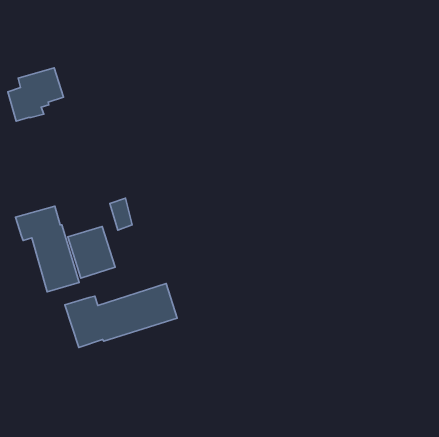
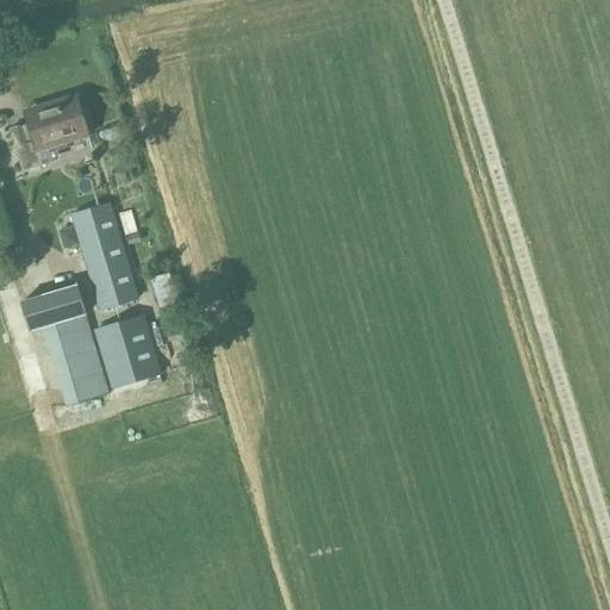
building: none -> [71,203,137,307]
building: [65,283,177,348] -> none

